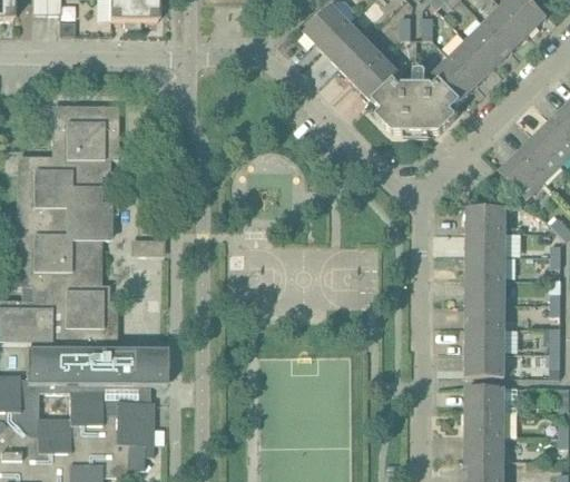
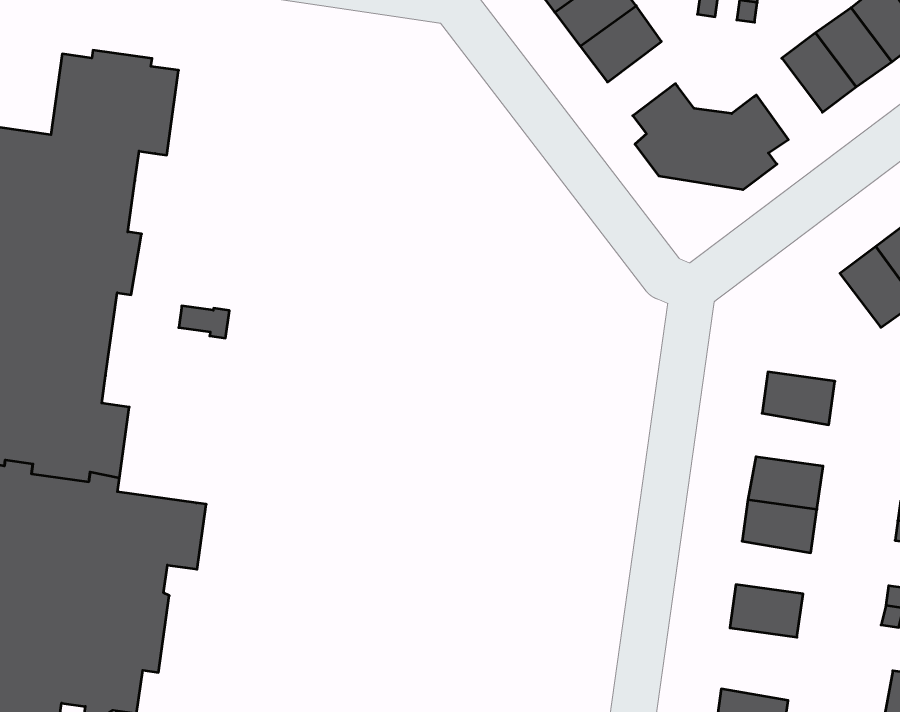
building: [356,56,401,99] -> none
building: [433,56,478,100] -> none
building: [468,205,505,230] -> none
building: [468,254,505,278] -> none
building: [466,326,505,351] -> none
building: [466,385,504,411] -> none

